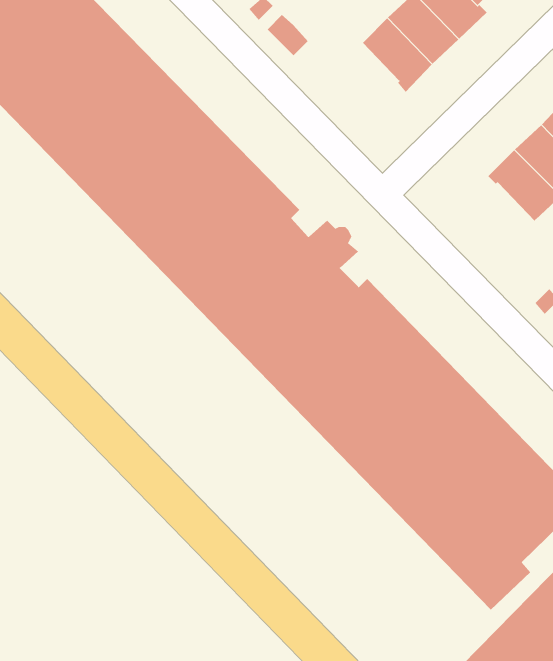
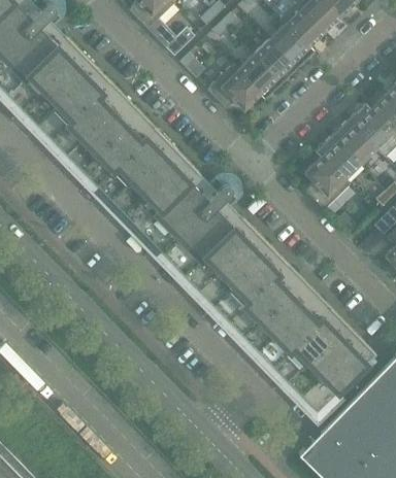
building: none -> [206,63,260,109]
building: none -> [303,156,350,209]

